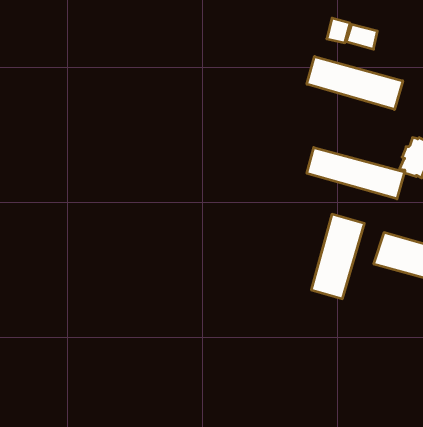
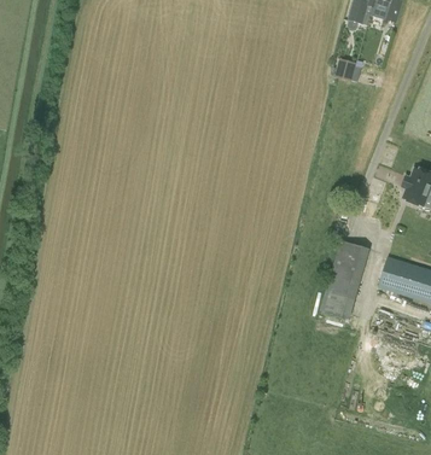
building: [307,56,403,110] -> none
building: [307,147,404,199] -> none

